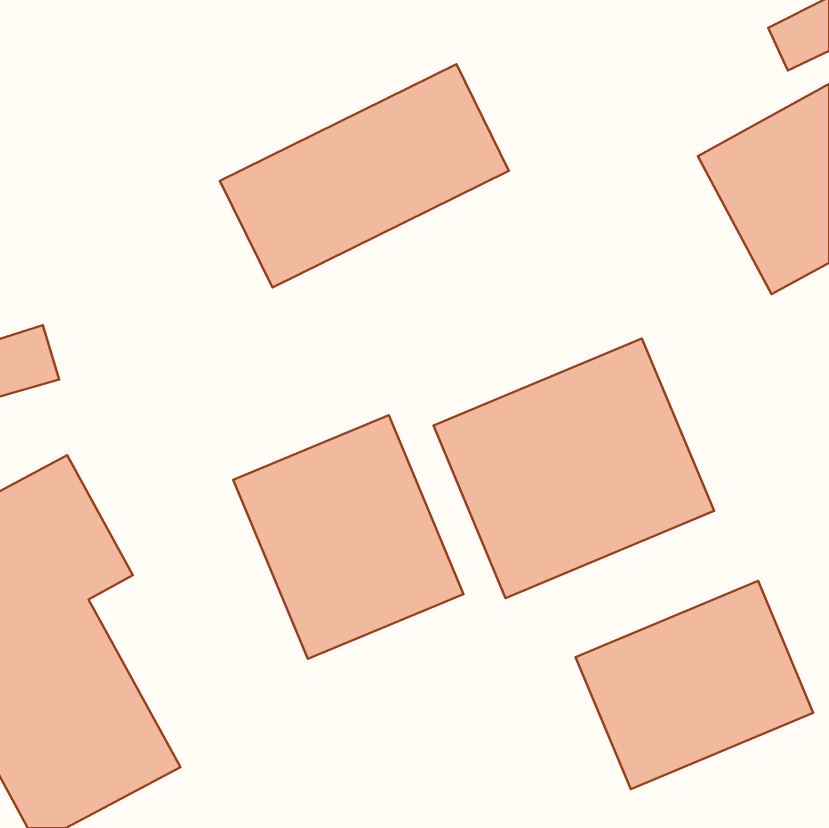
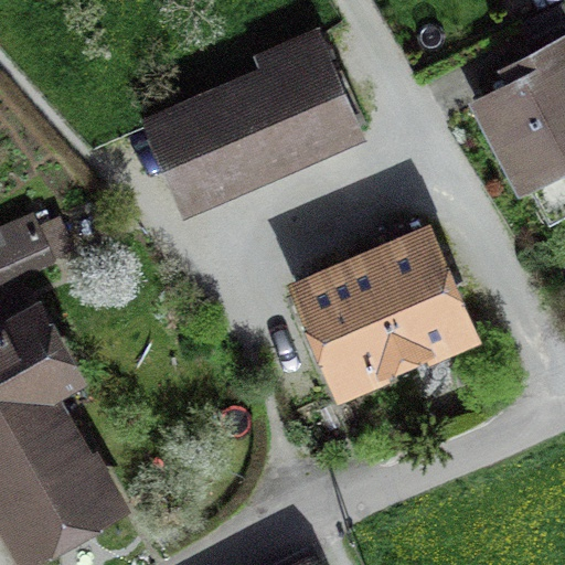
building: [233,415,463,659] -> none
building: [576,581,813,789] -> none

